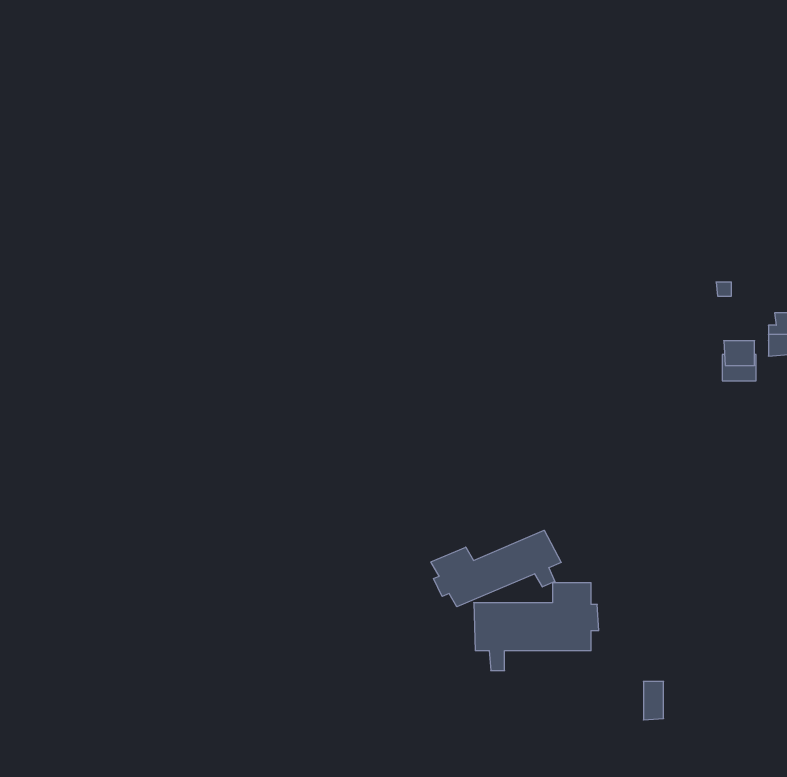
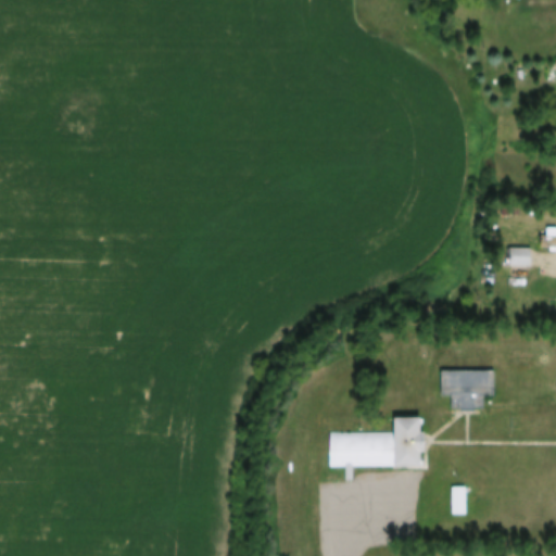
building: none -> [442,370,493,412]
building: [431,530,561,607] -> none

